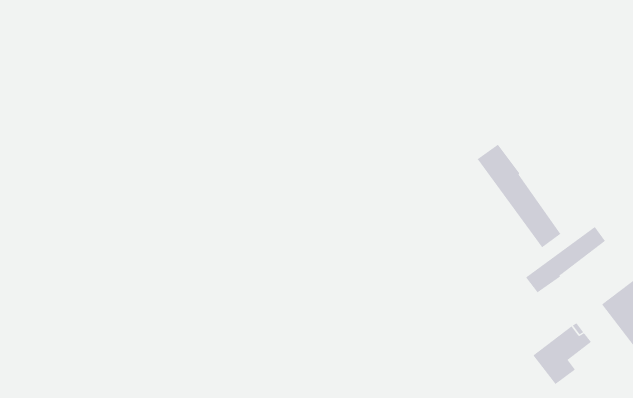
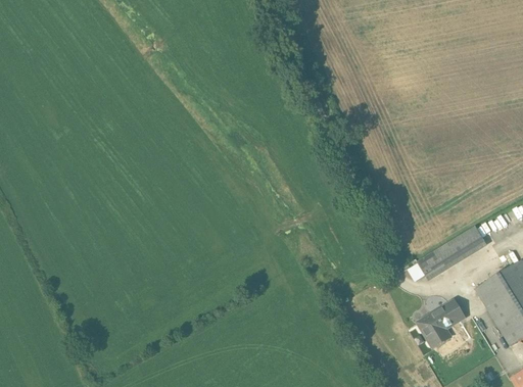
building: [477,144,561,248] -> none

